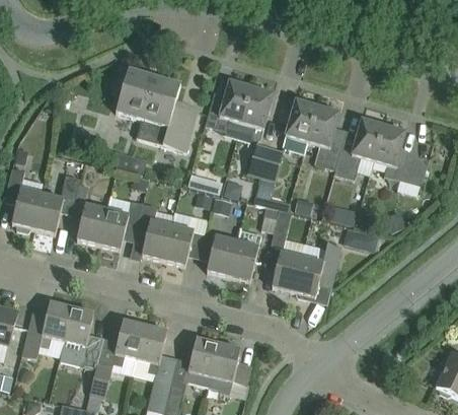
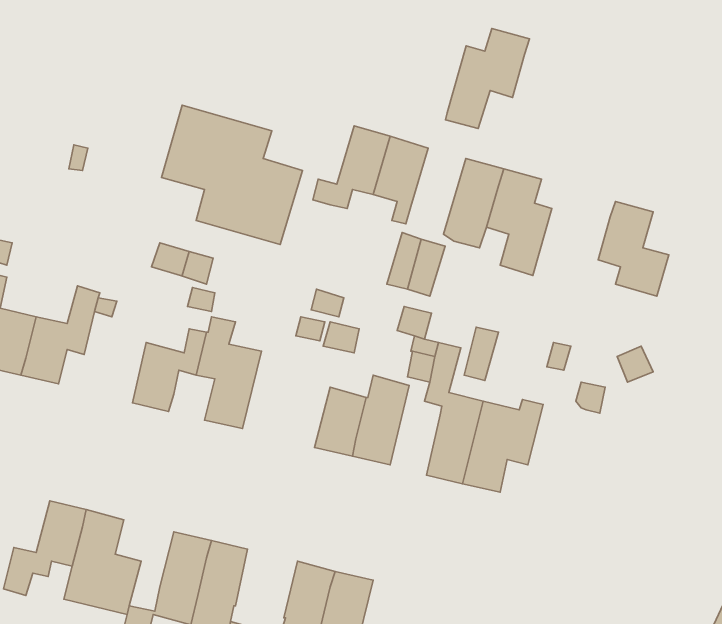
building: [333,119,383,178] -> [445,29,530,128]
building: [76,203,106,244] -> none
building: [163,210,197,265] -> none

